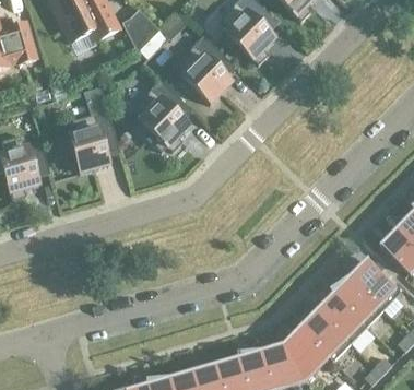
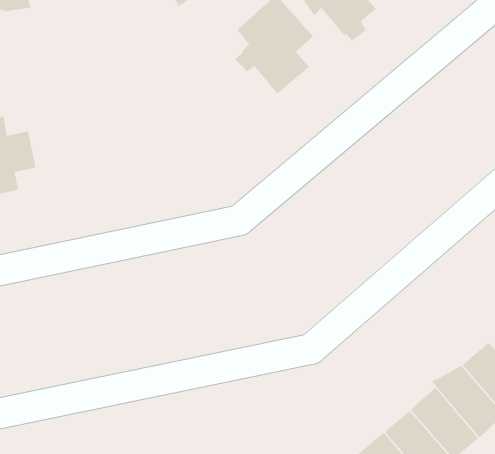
building: [135,76,188,149] -> none
building: [63,108,119,170] -> none

